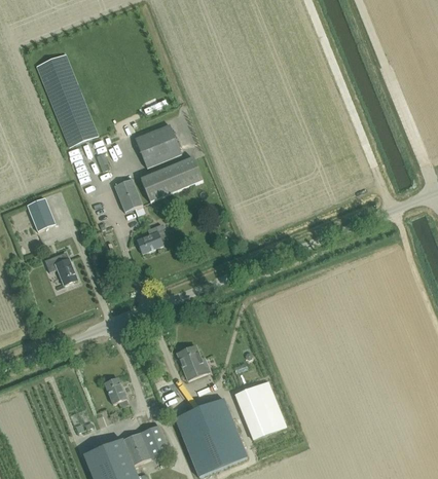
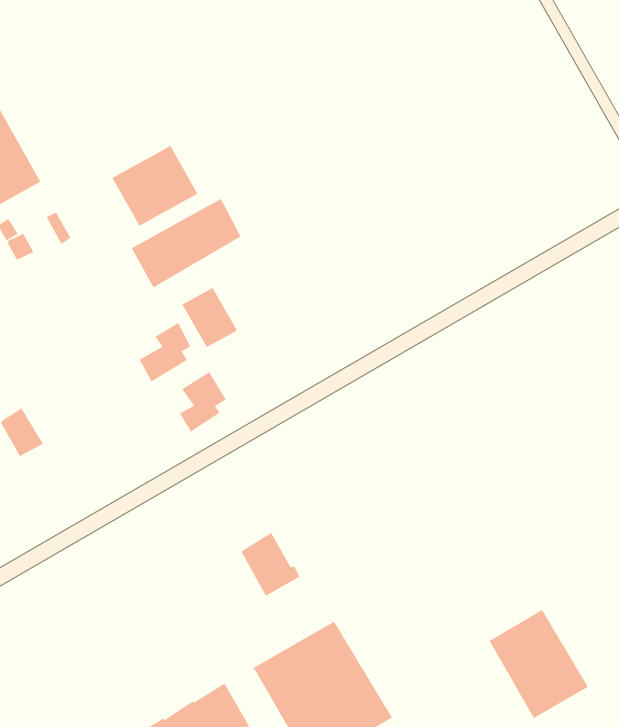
building: [113,178,142,211] -> [182,287,238,348]
building: none -> [179,371,226,432]
building: [104,376,127,406] -> none
building: [235,379,287,439] -> [489,609,589,719]

